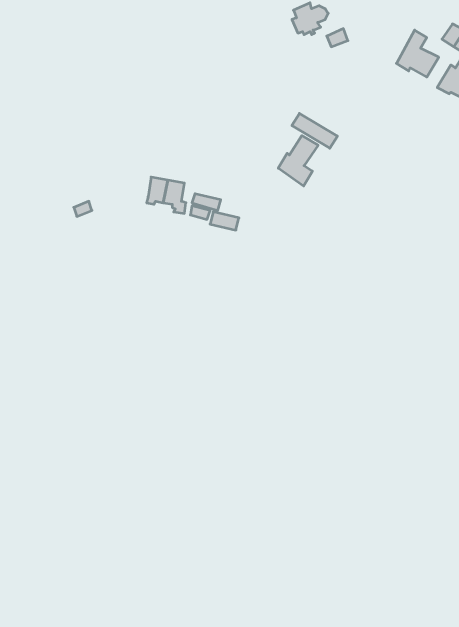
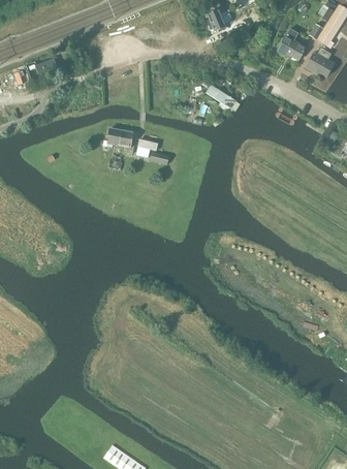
building: [278,136,318,186] -> none

